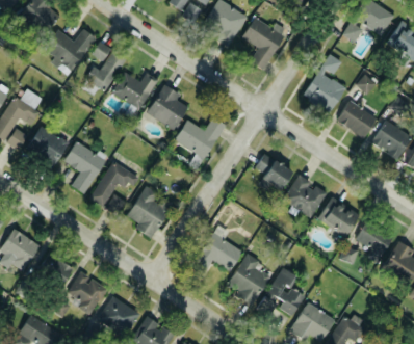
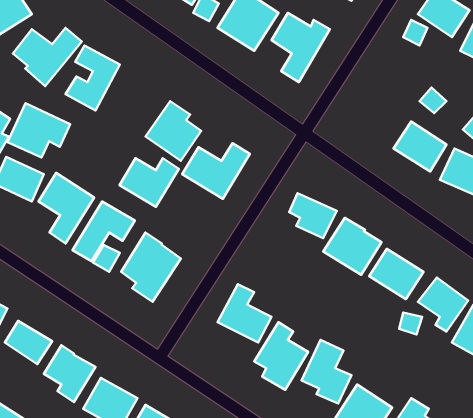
building: [303,53,345,112] -> none
building: [112,72,158,109] -> [119,158,179,207]
building: none -> [8,103,70,158]

